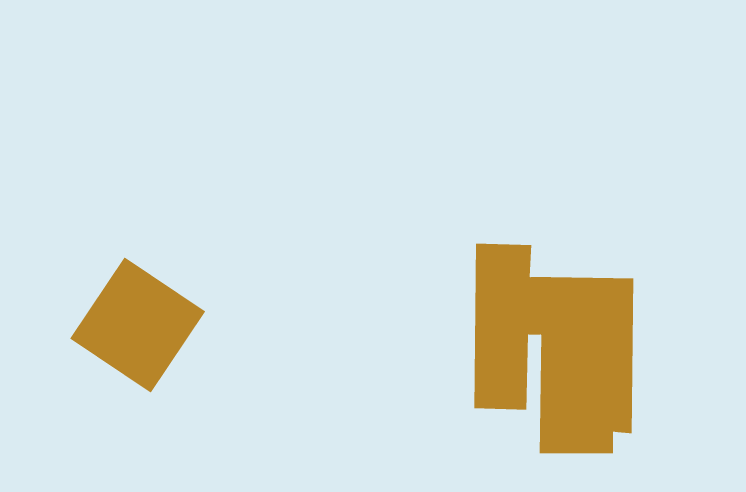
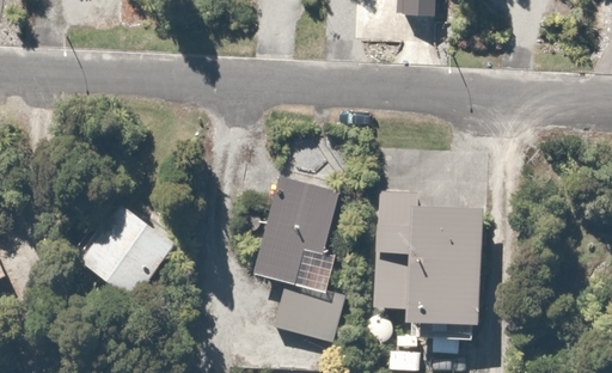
building: none -> [252,176,339,342]

